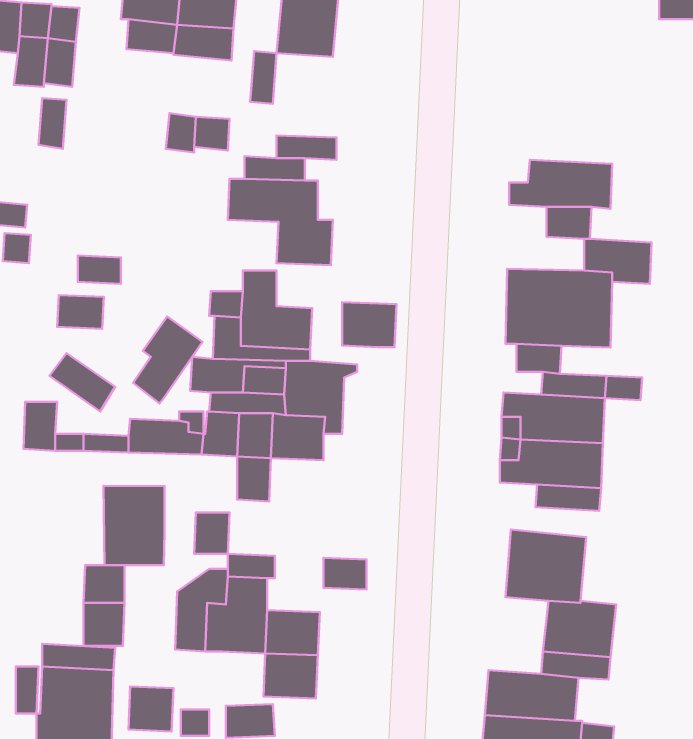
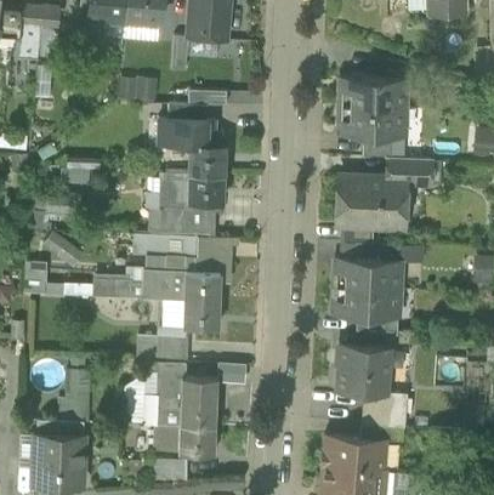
building: none -> [341,78,408,109]
building: [342,302,396,347] -> [189,173,225,203]
building: [133,317,203,404] -> none
building: none -> [184,300,220,329]
building: [104,486,165,565] -> none
building: none -> [158,335,189,363]
building: none -> [183,376,217,399]
building: [128,686,173,731] -> [153,425,182,454]

